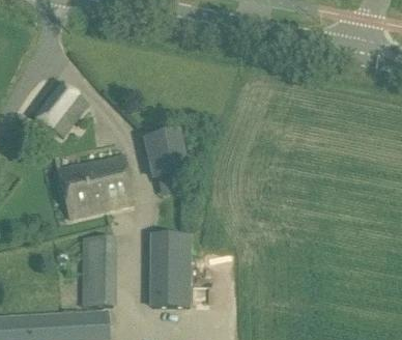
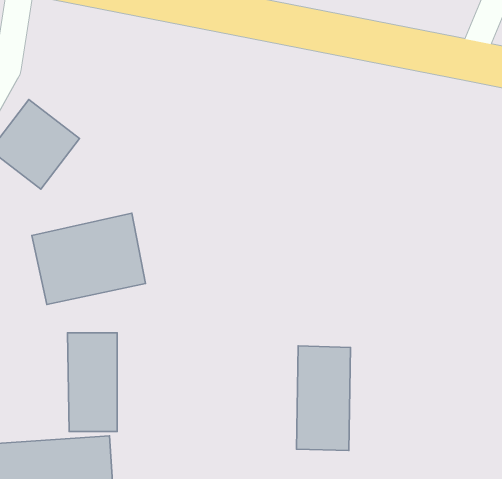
building: [143,131,189,180] -> none
building: [152,234,190,307] -> [297,346,350,451]

